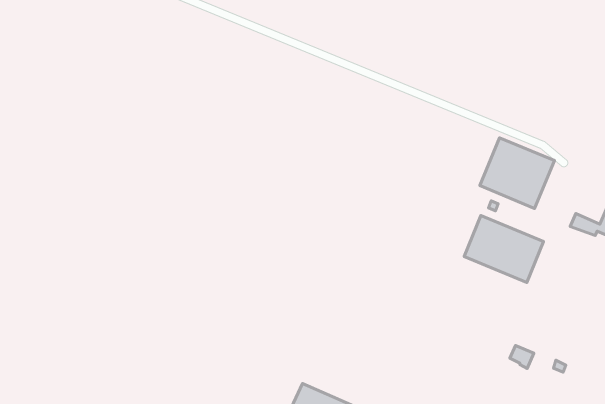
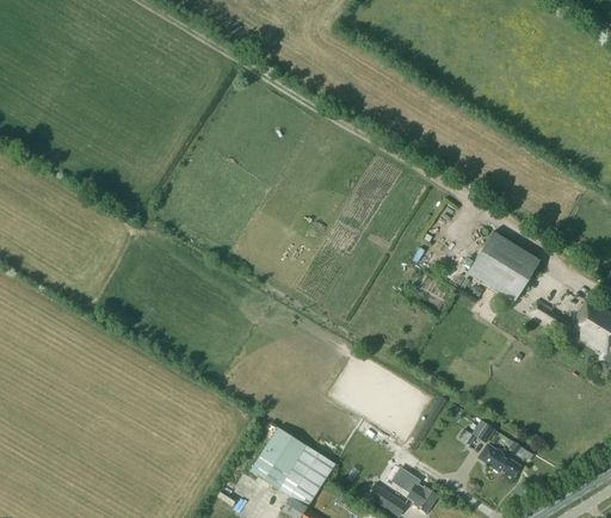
building: [464,215,544,282] -> none
building: none -> [480,444,521,476]

